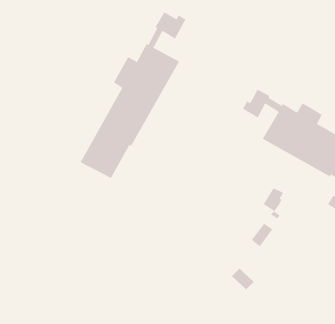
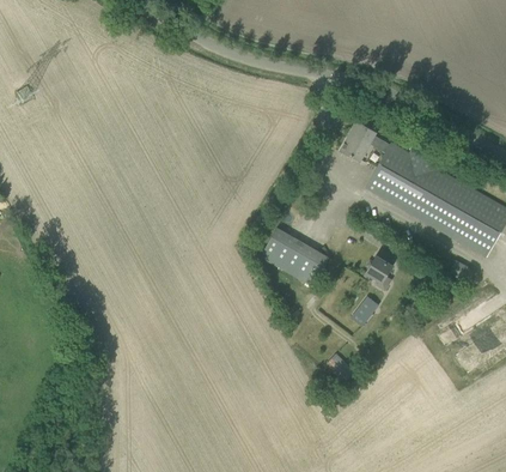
building: [80,8,186,179] -> none
building: none -> [262,226,329,283]

